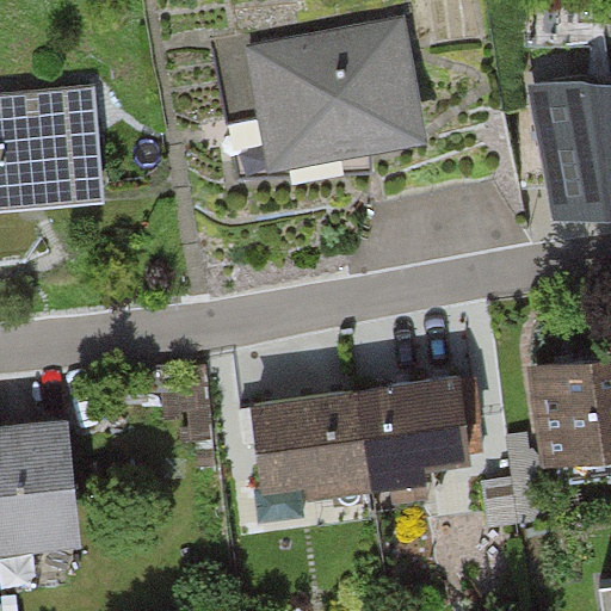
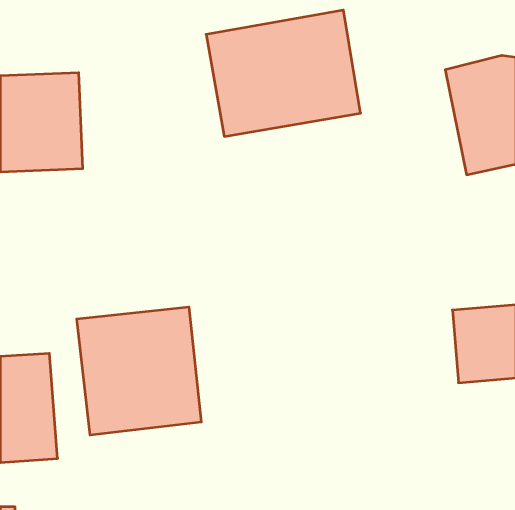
building: none -> [77,307,201,435]
building: [248,382,468,494] -> none

